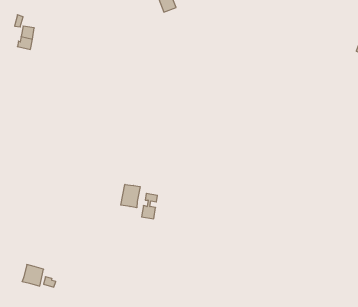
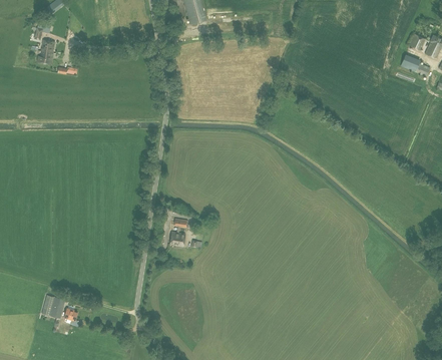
building: [121,184,140,208] -> none

